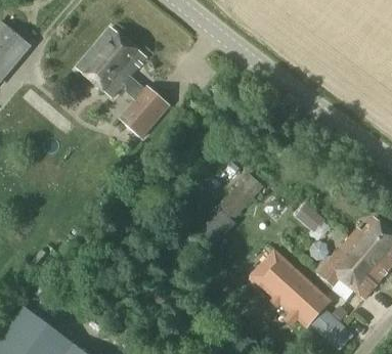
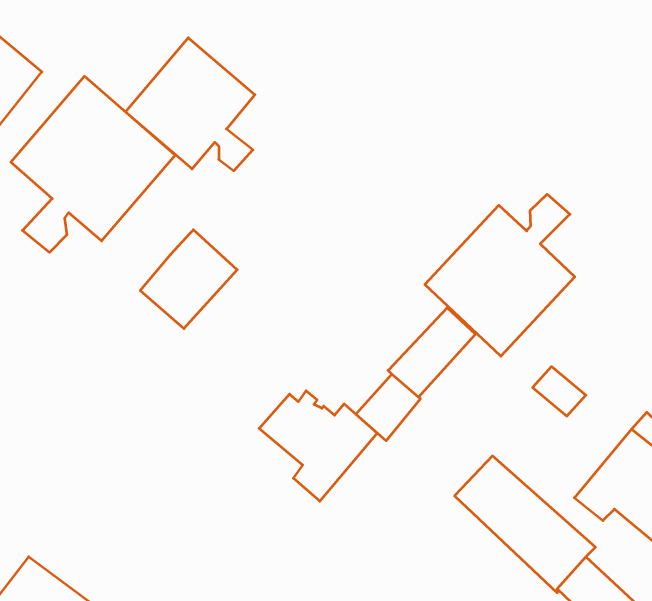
building: none -> [11,76,175,252]
building: [118,85,170,138] -> [140,230,237,329]
building: none -> [425,194,575,356]
building: none -> [259,391,377,501]

